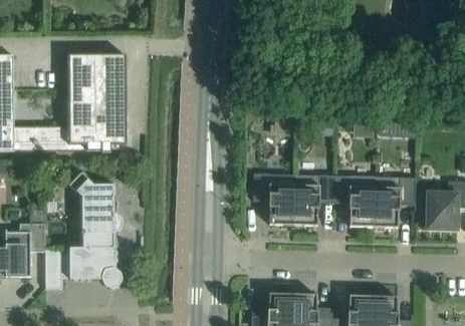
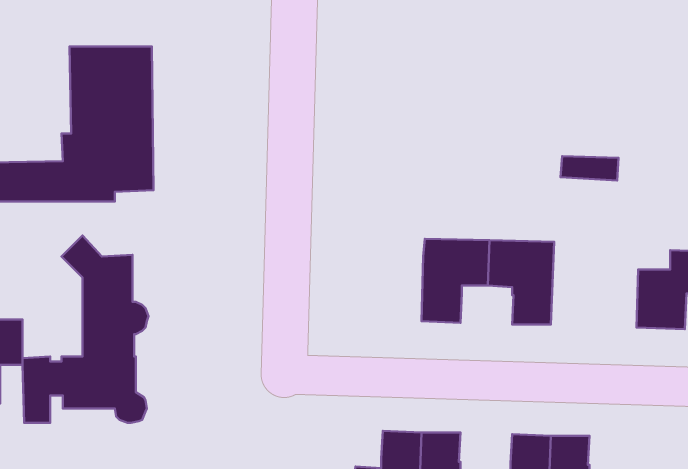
building: [251,173,293,225] -> none
building: [372,176,414,228] -> none

